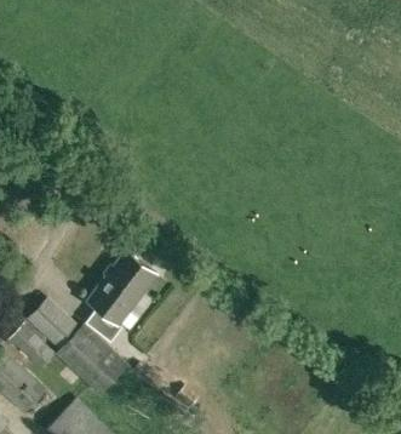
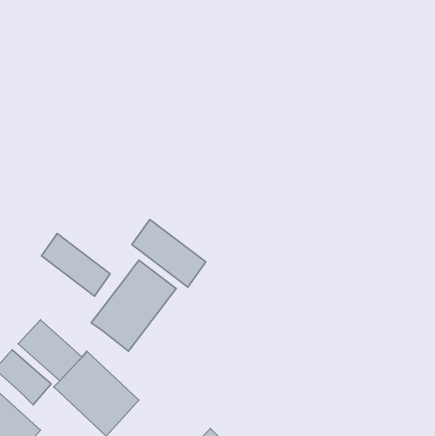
building: none -> [132,219,206,287]
building: none -> [41,234,110,296]

